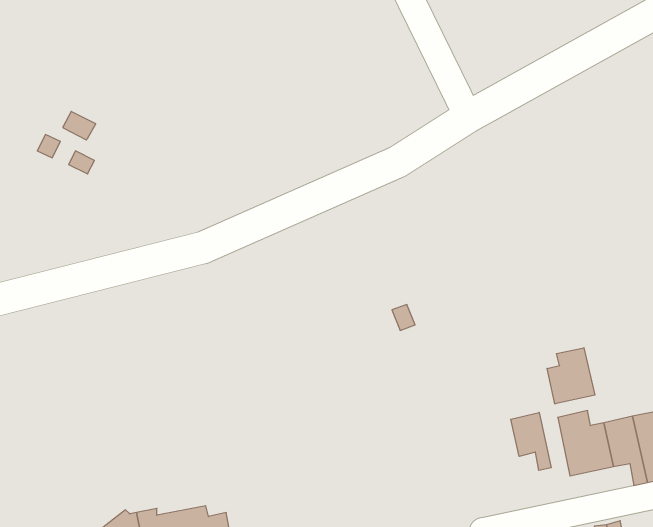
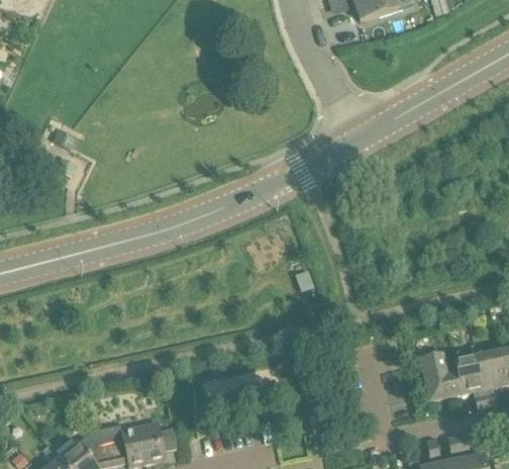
building: [547,348,595,404] -> none
building: [511,412,551,470] -> none

